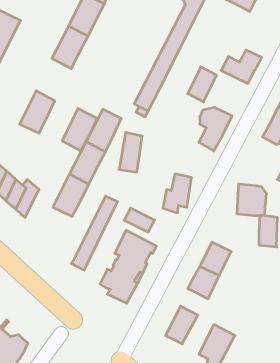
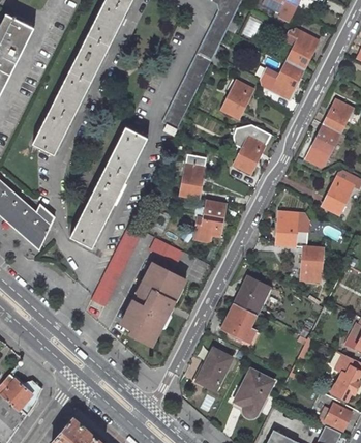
building: none -> [284,29,318,69]
building: [62,108,97,151] -> [51,70,90,118]
building: [119,132,142,172] -> [179,154,205,199]

